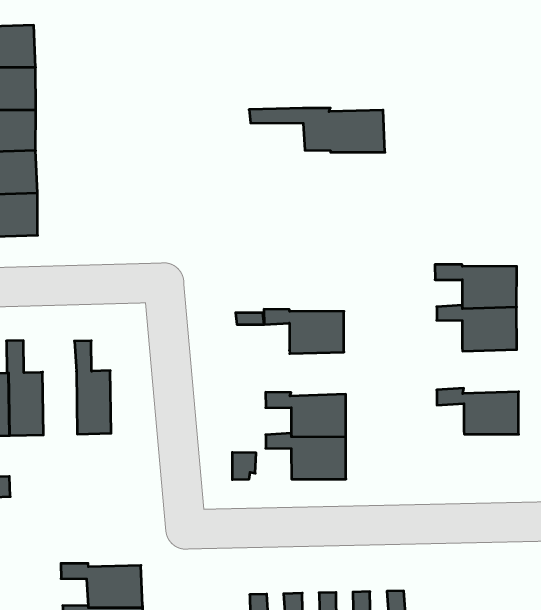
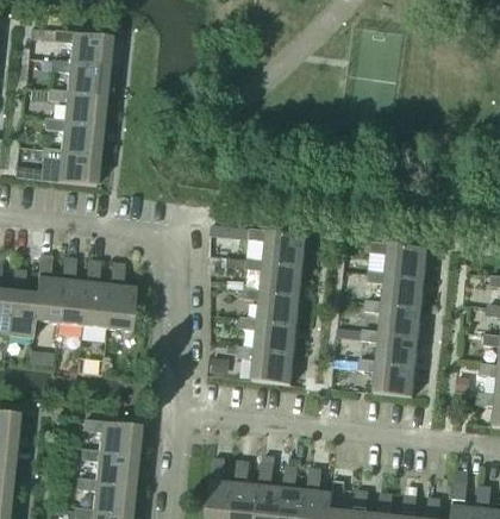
building: [249,108,385,152] -> [212,225,306,267]
building: none -> [82,262,111,330]
building: none -> [364,300,421,338]
building: none -> [243,288,300,325]
building: none -> [335,358,415,398]

